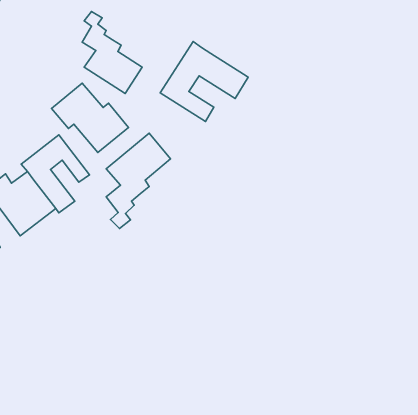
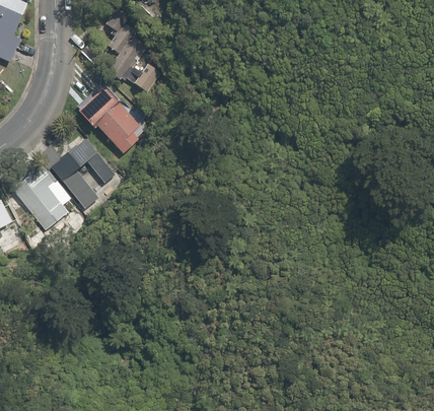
building: [160,41,248,121] -> none
building: [106,133,170,228] -> none

